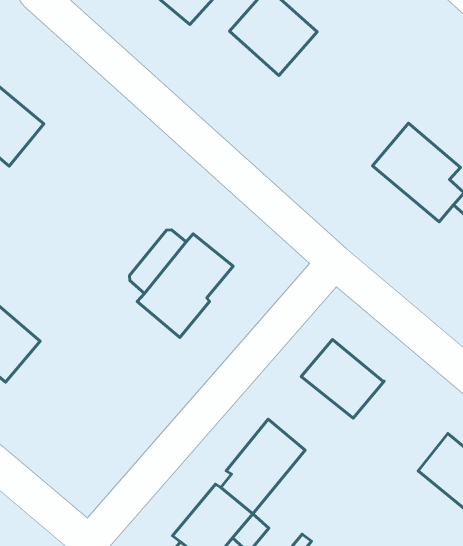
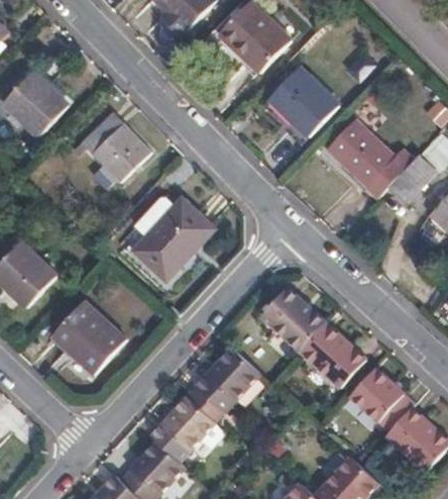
building: none -> [268,67,337,136]
building: none -> [80,112,150,182]
building: none -> [52,300,127,374]
building: none -> [300,322,364,386]

